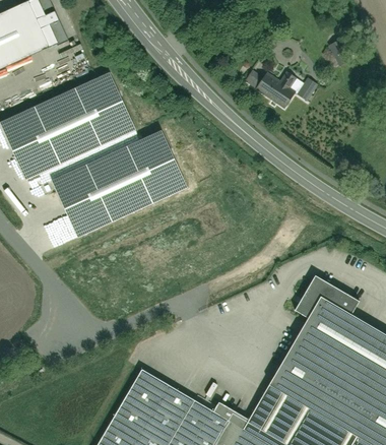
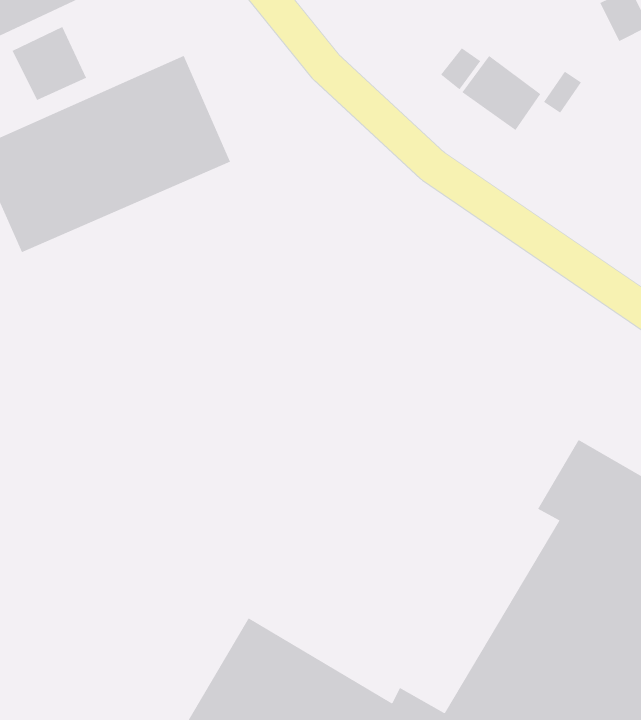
building: none -> [12,26,87,101]
building: [52,131,186,235] -> none

